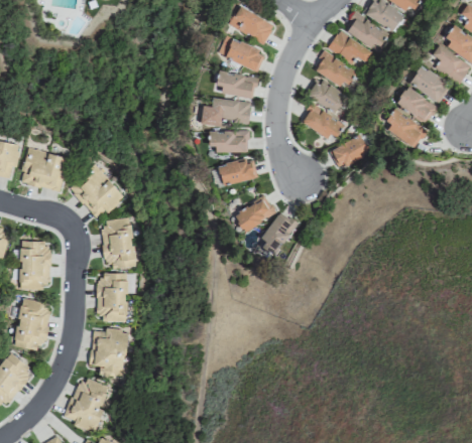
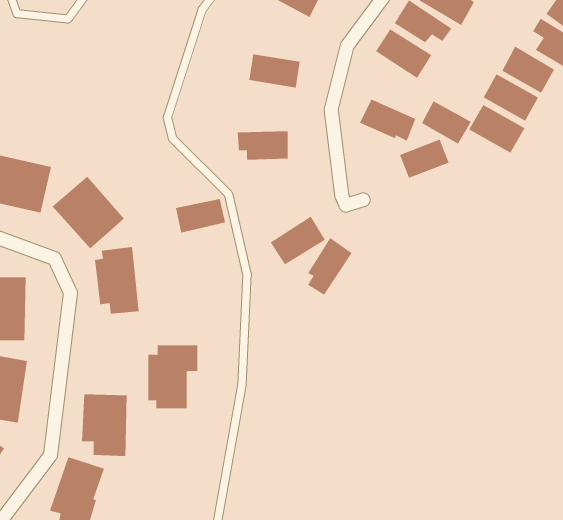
building: [225,38,265,71] -> none
building: [308,79,346,112] -> [421,101,472,144]
building: [201,97,251,126] -> none
building: [219,158,257,184] -> [175,199,226,233]
building: [97,273,135,321] -> [148,345,198,409]

